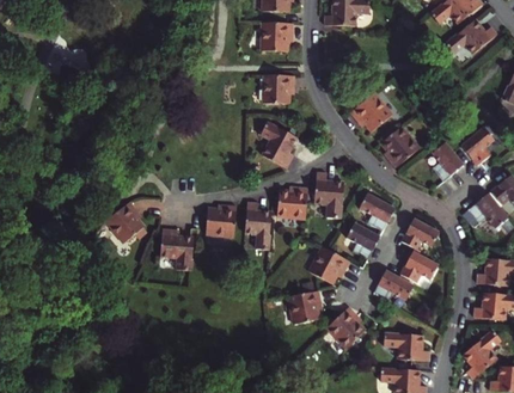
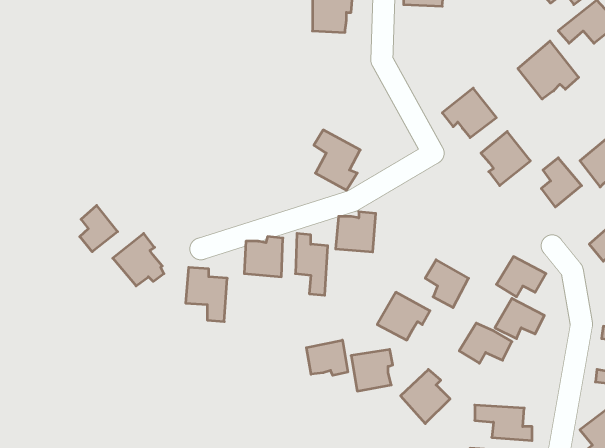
building: none -> [518,41,579,99]
building: [257,75,287,104] -> none
building: [311,171,338,217] -> none
building: none -> [80,205,118,252]
building: [359,194,393,231] -> none
building: none -> [306,340,348,375]

